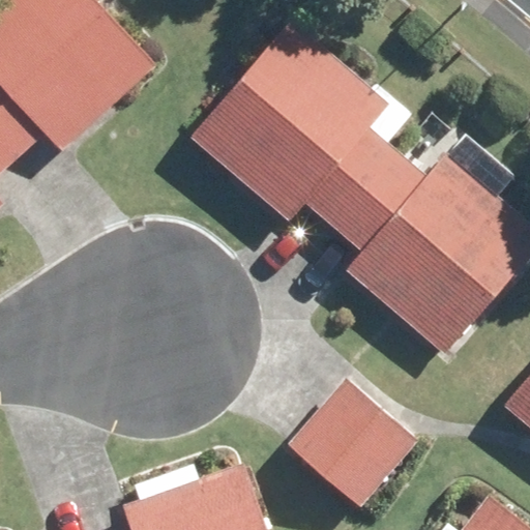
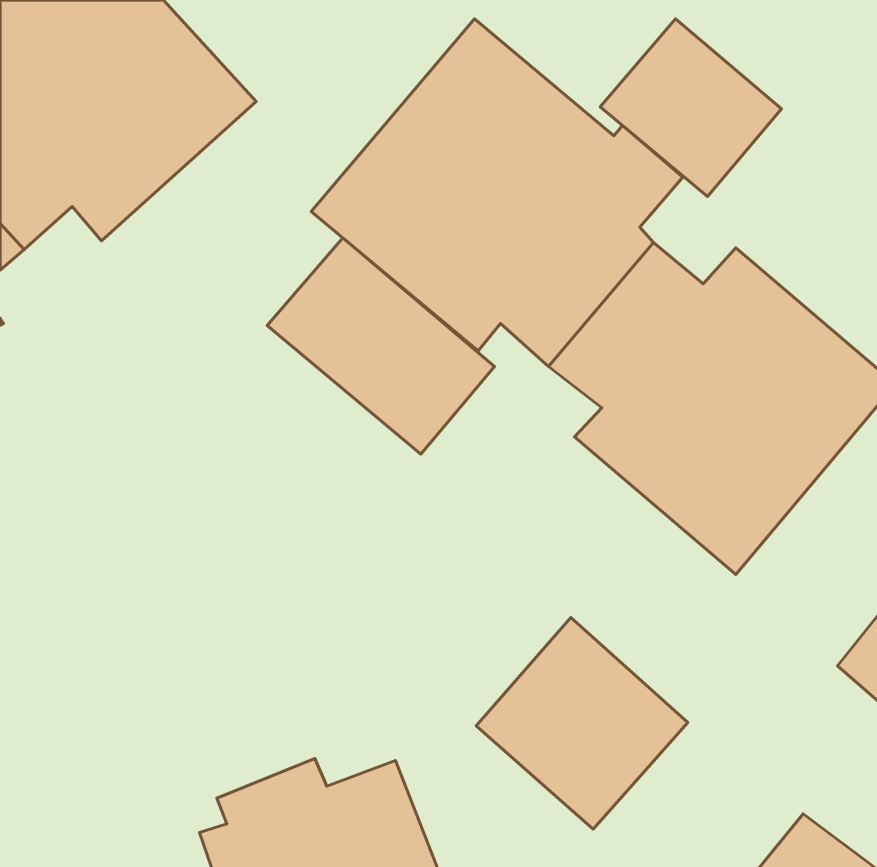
building: none -> [600,19,781,197]
building: none -> [267,238,494,454]

